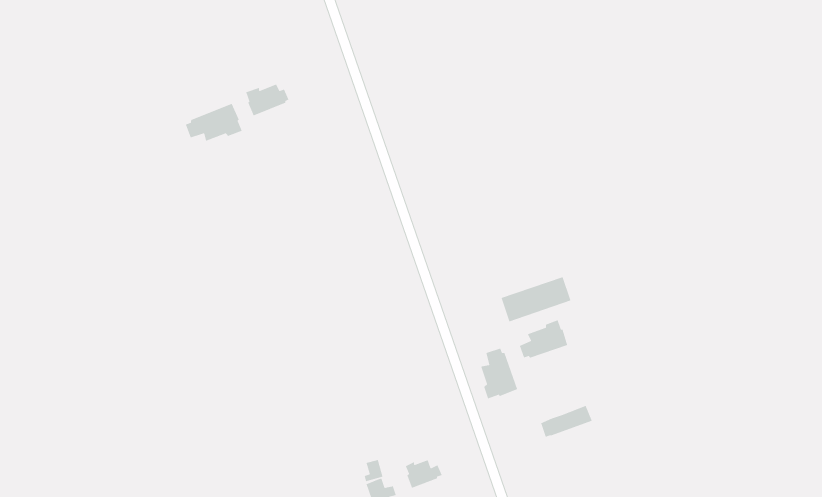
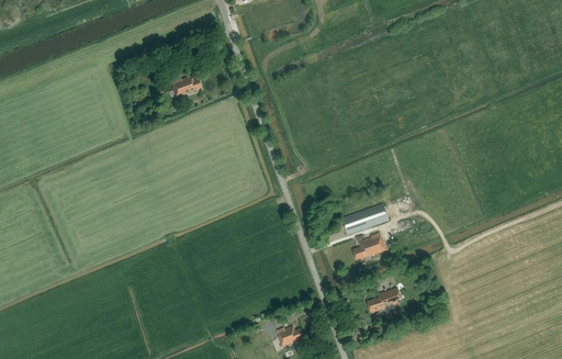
building: [185,103,243,142] -> none
building: [480,347,518,400] -> none

